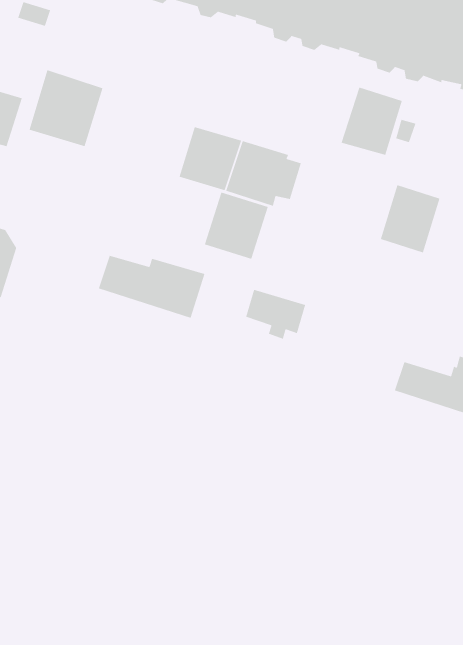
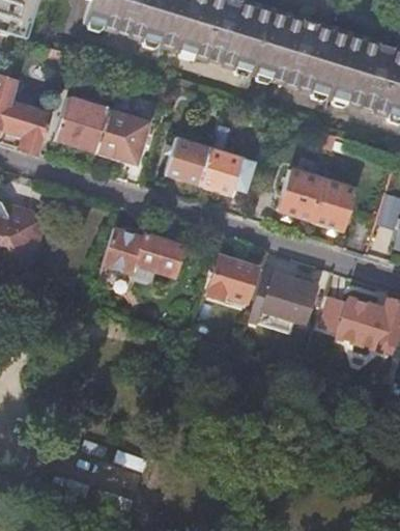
building: [341,86,403,156] -> [278,169,323,220]
building: none -> [95,109,150,166]
building: [204,191,269,260] -> none
building: none -> [262,273,317,324]

